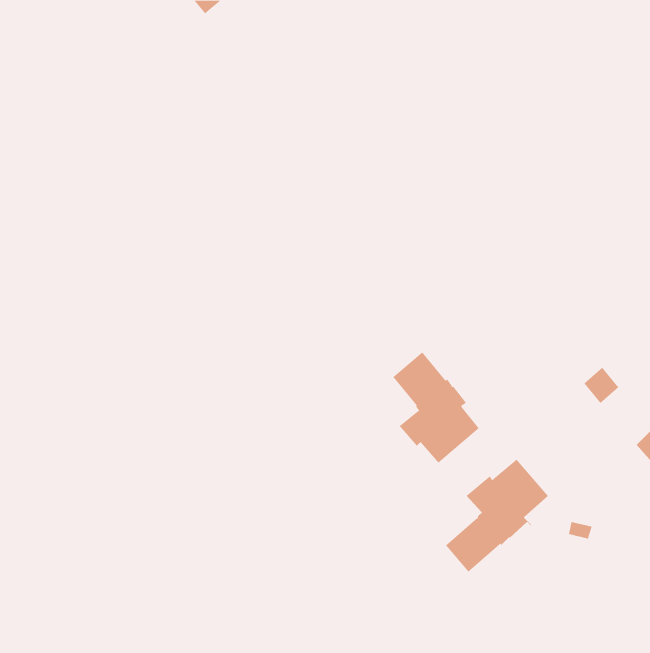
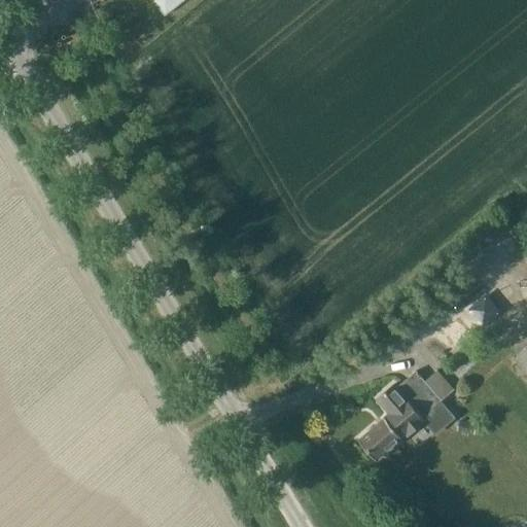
building: [392,352,480,464] -> none

